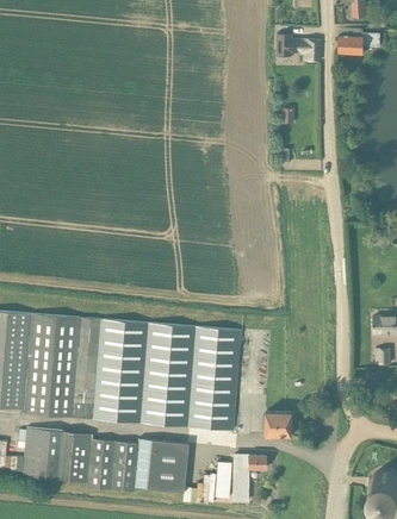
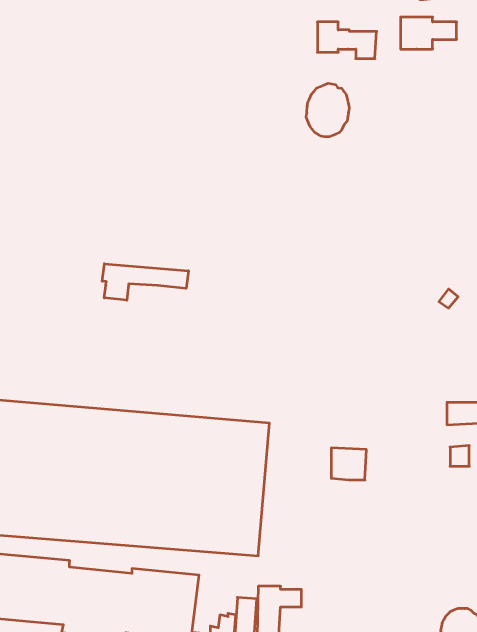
building: none -> [306,83,349,137]
building: none -> [102,264,188,300]
building: [266,411,292,434] -> [331,448,366,480]

